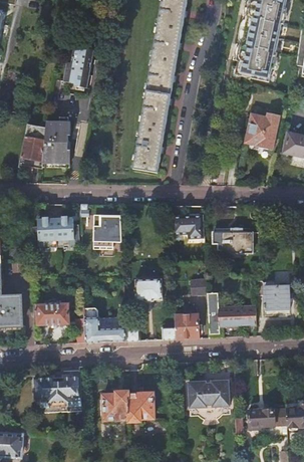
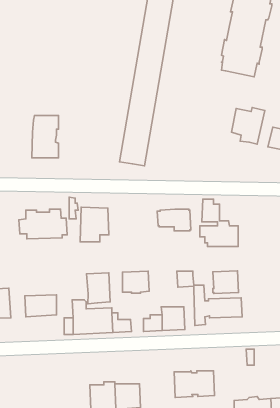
building: [64,46,93,86] -> none
building: [18,133,44,168] -> none
building: none -> [87,273,110,304]
building: [264,285,290,308] -> [213,271,238,293]
building: [34,376,81,411] -> none

